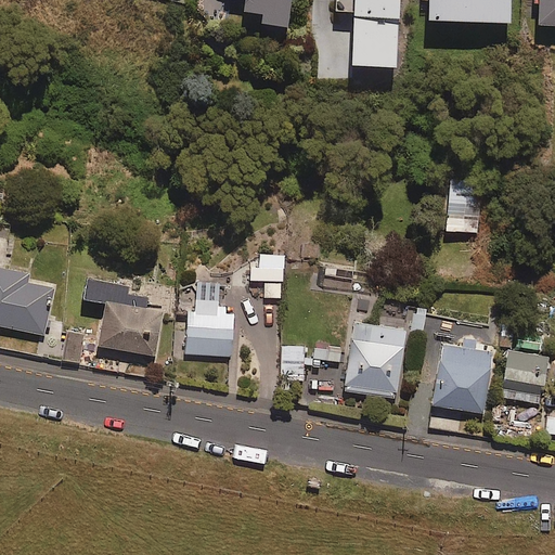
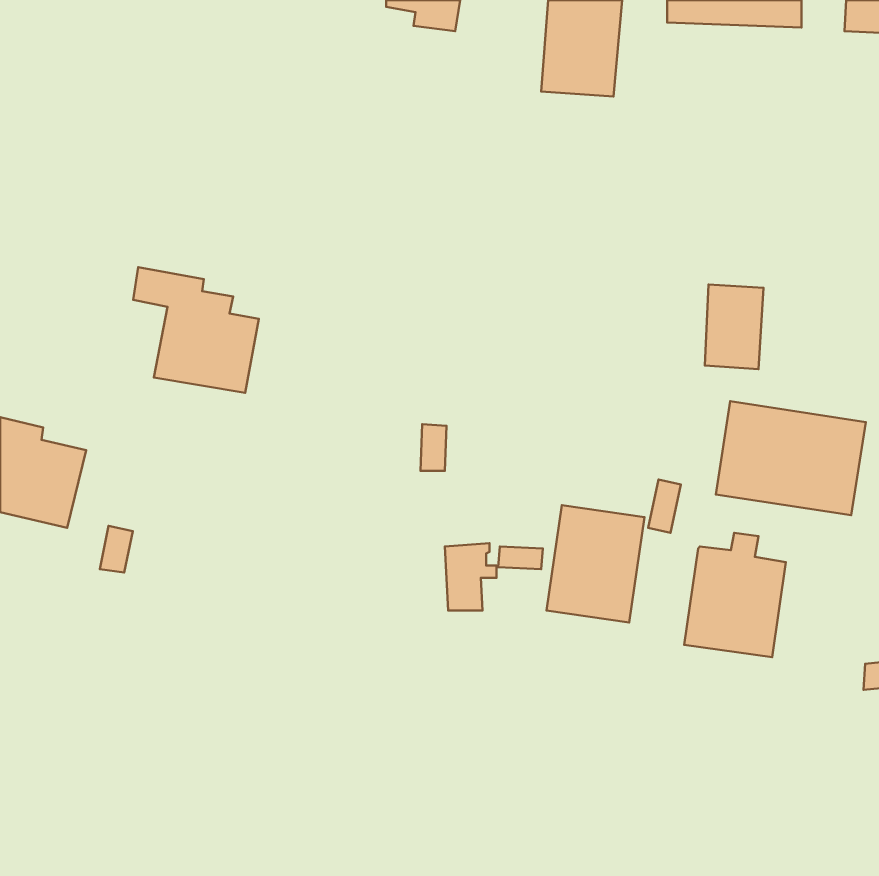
building: none -> [716,401,866,515]
building: [85,275,164,354] -> [133,267,259,393]
building: [185,300,233,358] -> none
building: [498,351,545,396] -> none

